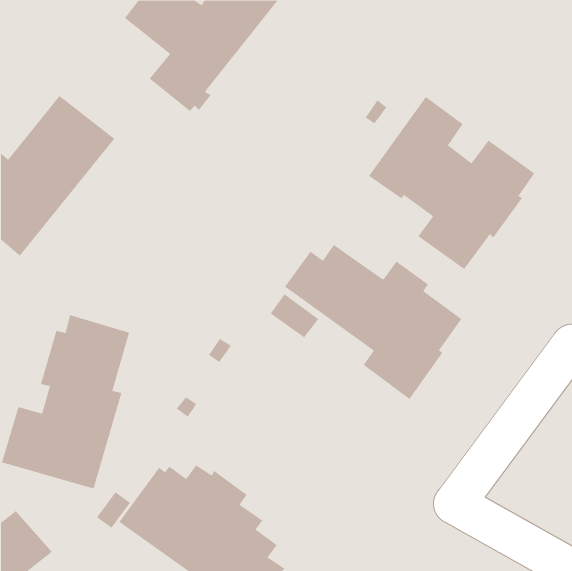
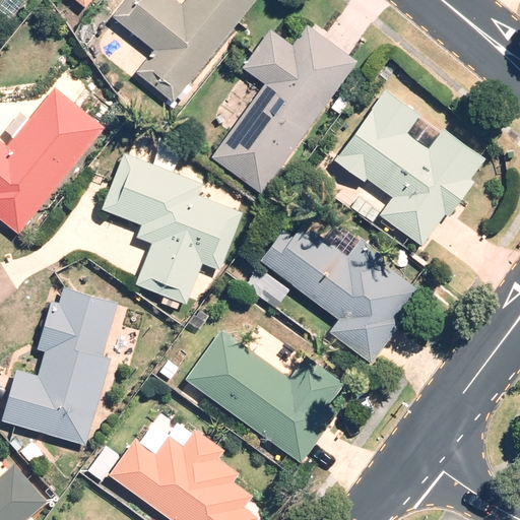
building: none -> [211,25,358,194]
building: none -> [102,152,243,309]
building: none -> [185,329,344,463]

